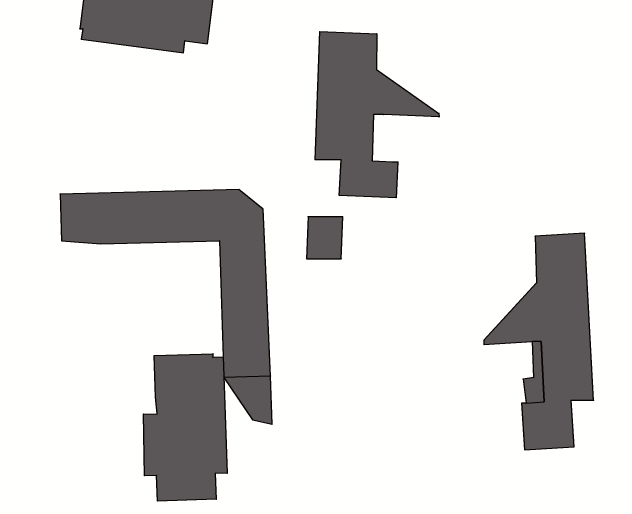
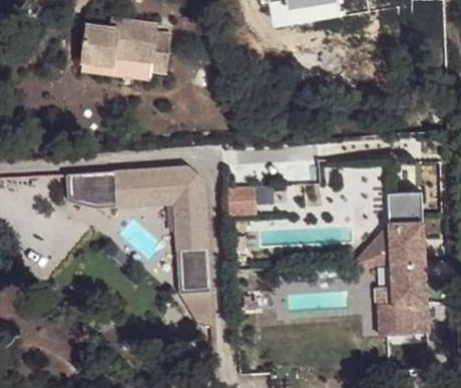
building: [315,32,439,198] -> none
building: [144,354,227,501] -> none

